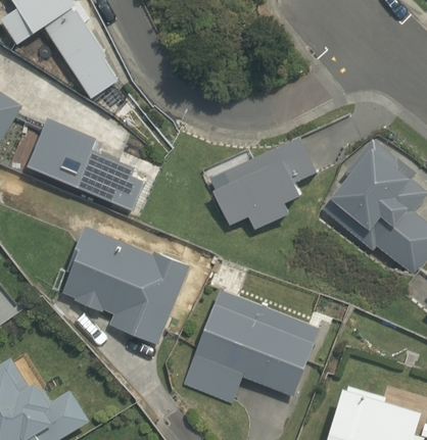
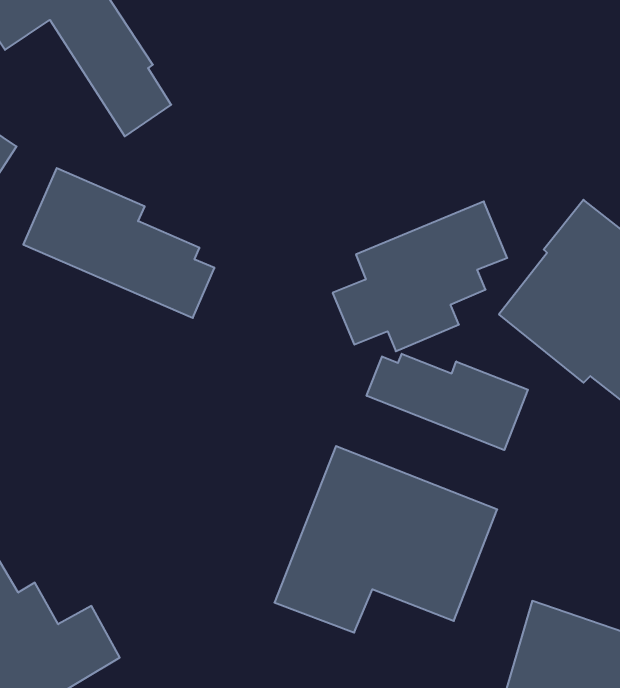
building: [60,224,190,344] -> none
building: none -> [367,354,528,450]

